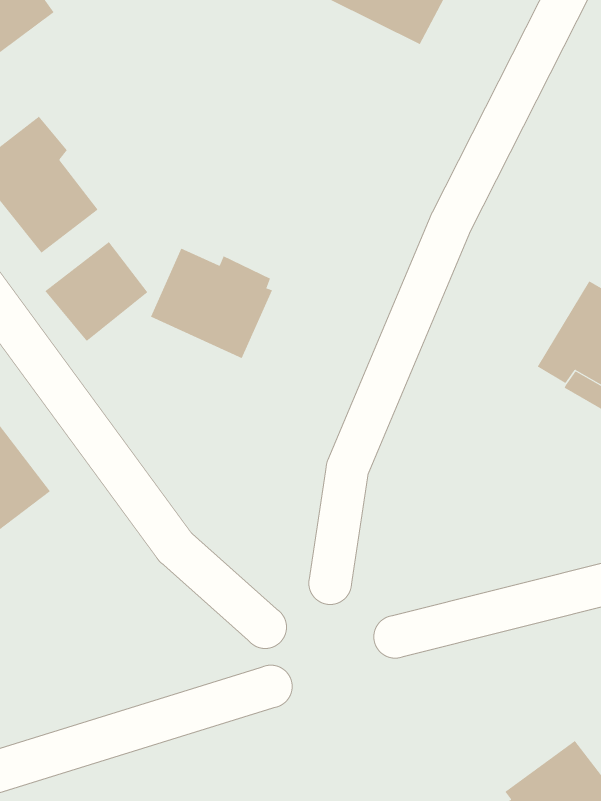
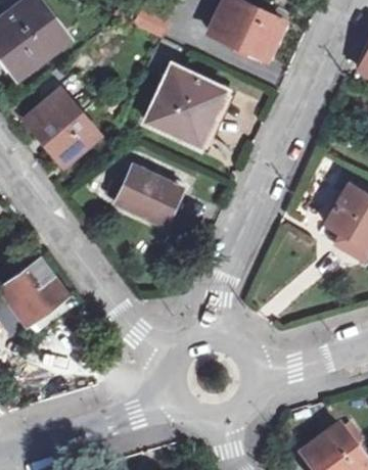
building: none -> [146,67,225,146]
building: [45,241,148,342] -> none

